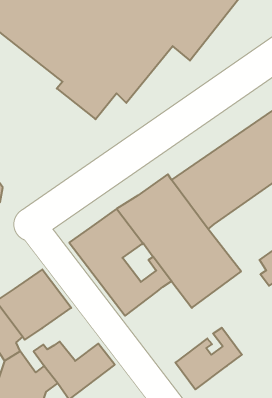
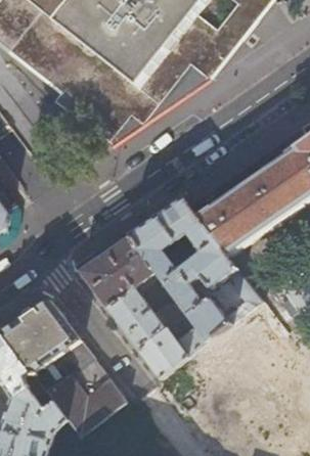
building: none -> [51,341,110,398]
building: [175,328,242,389] -> [139,313,210,378]

